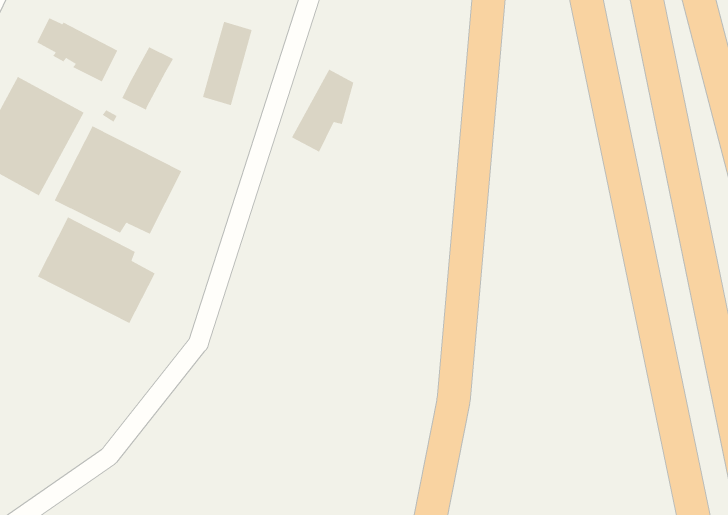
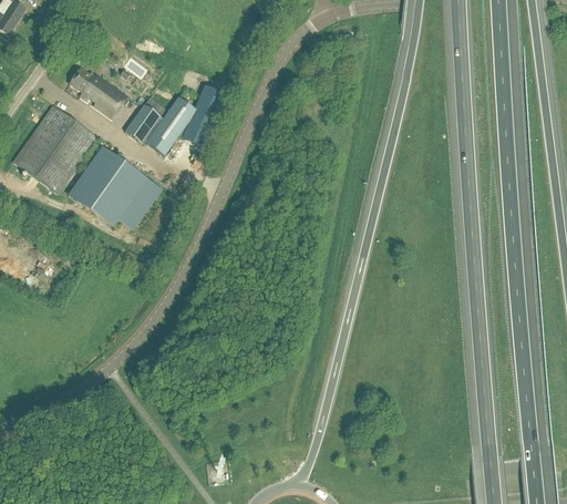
building: [291,69,354,152] -> [145,96,195,155]
building: [37,217,155,324] -> none

